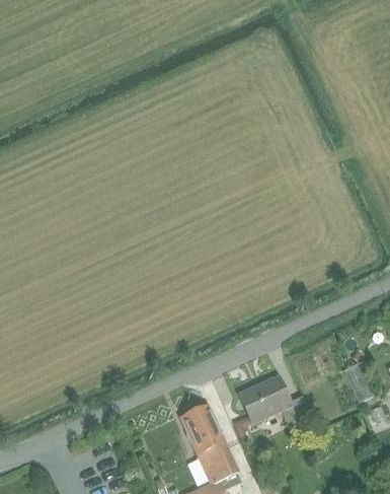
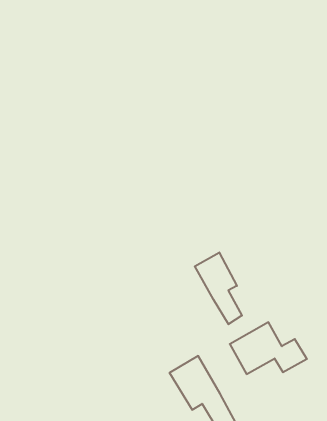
building: none -> [195,252,242,324]

